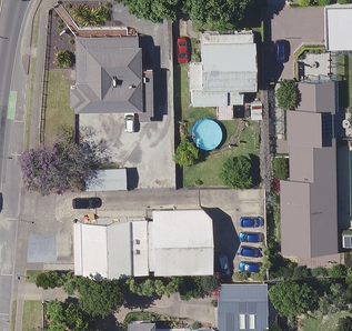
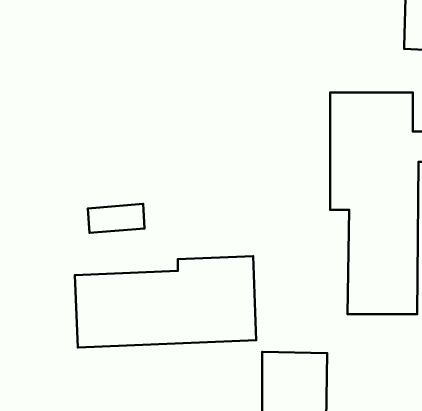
building: [190,31,255,121] -> none
building: [77,33,152,122] -> none

